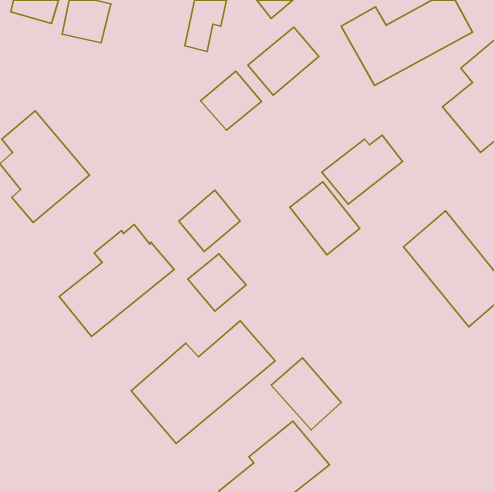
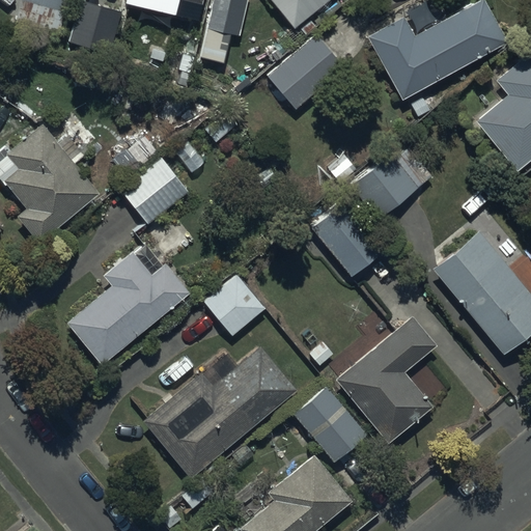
building: [200,71,262,130] -> none
building: [179,190,240,251] -> [121,159,187,224]
building: none -> [335,317,436,443]

